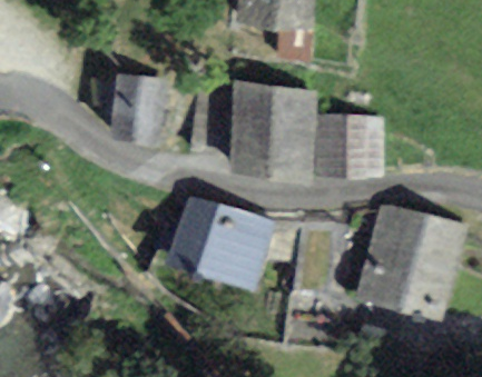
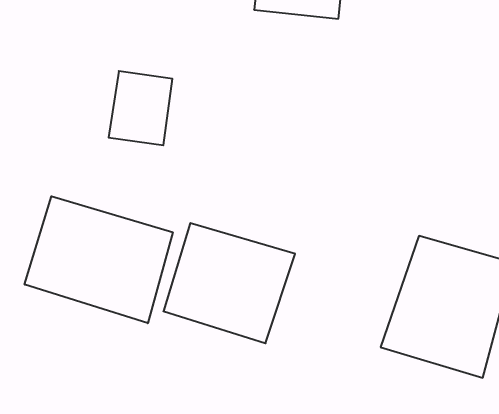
building: [234,82,383,166] -> none
building: none -> [25,196,173,323]

